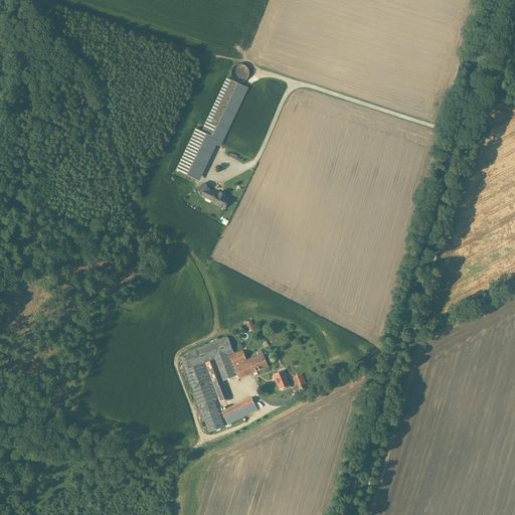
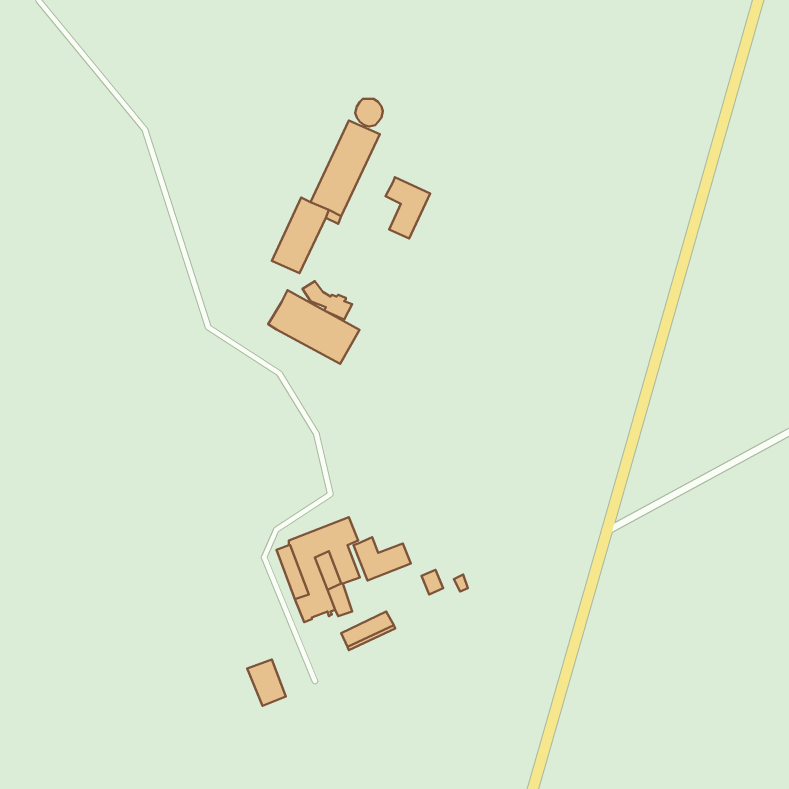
building: none -> [385,177,430,239]
building: none -> [268,290,360,364]
building: [199,402,224,433] -> [247,659,286,706]

